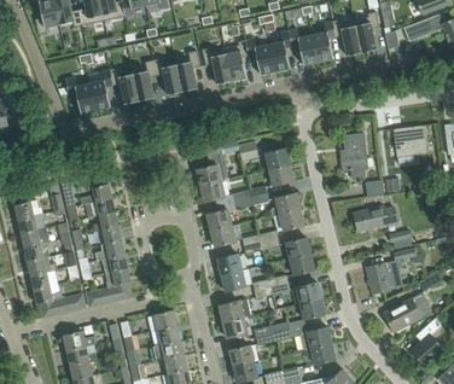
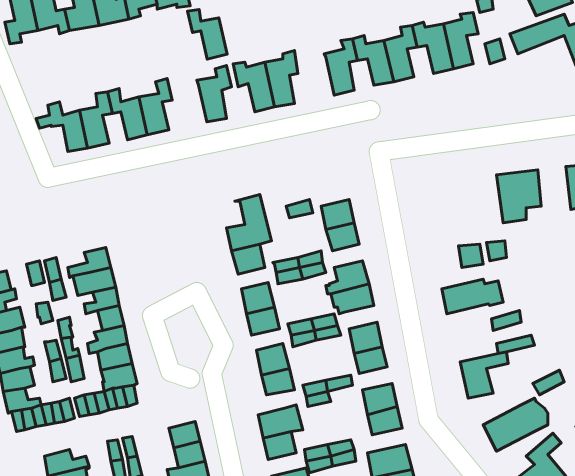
building: [246,39,275,75] -> none
building: [153,59,182,95] -> [187,9,227,59]
building: [340,134,367,180] -> none

